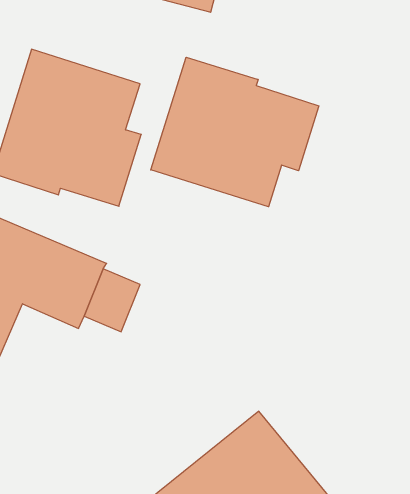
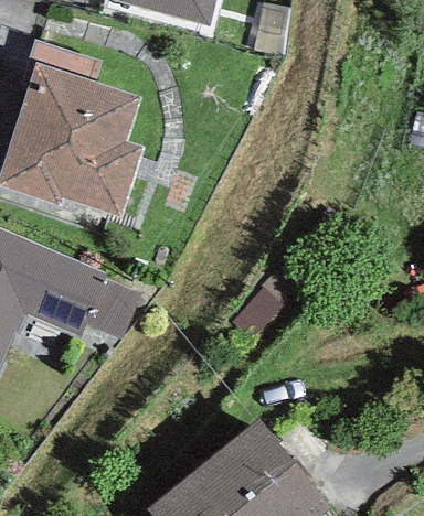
building: [151,57,319,207] -> none

